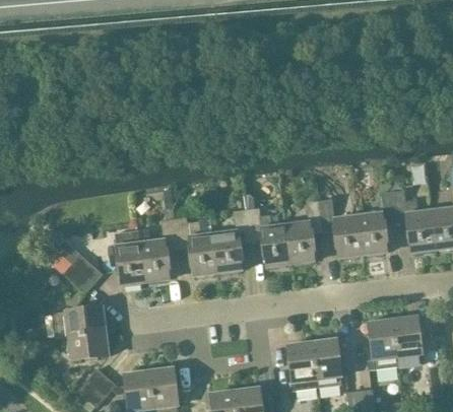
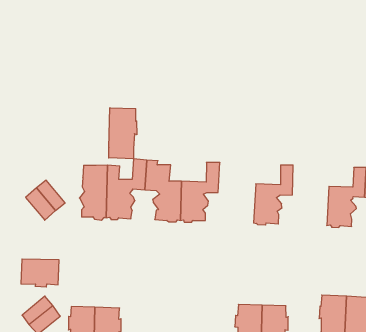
building: none -> [109,108,137,159]
building: [320,199,363,257] -> none
building: [248,208,290,266] -> none
building: [52,305,106,337] -> none

